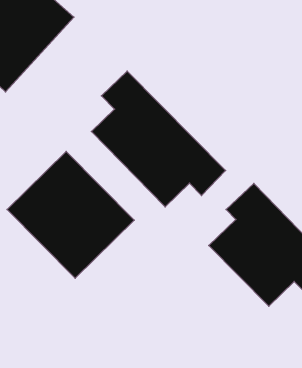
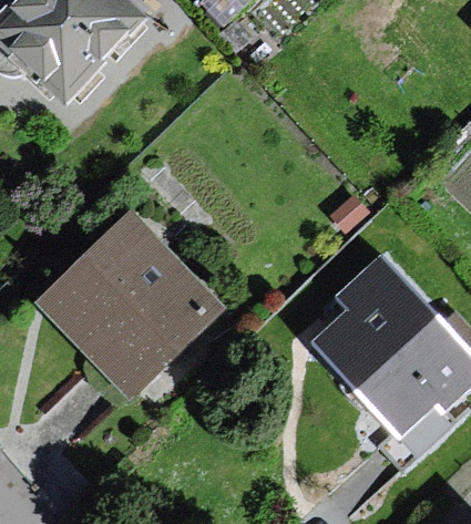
building: [92,71,226,207] -> none

